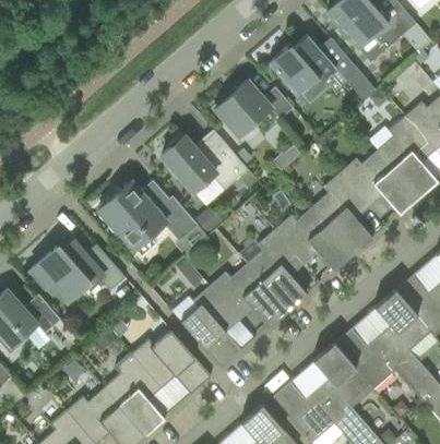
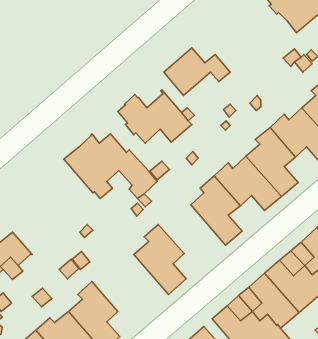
building: [267,36,359,97] -> none
building: [31,241,124,301] -> none
building: [209,264,287,327] -> none
building: [131,331,211,395] -> none

